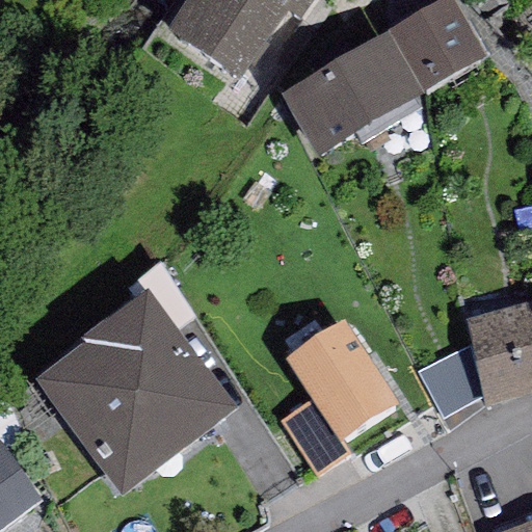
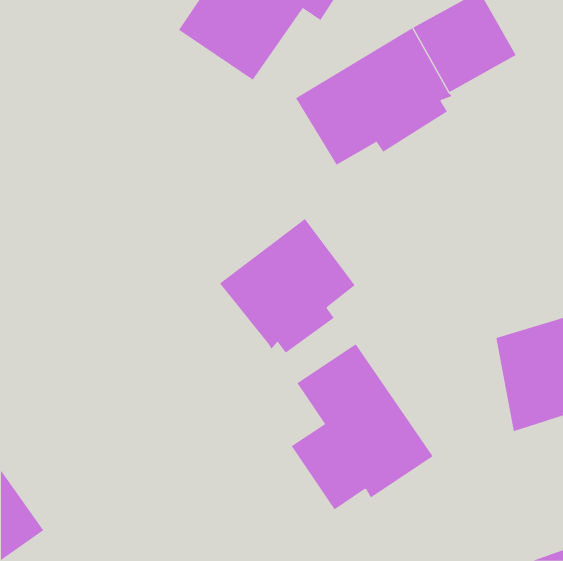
building: none -> [219,218,356,354]
building: [34,290,237,493] -> none

